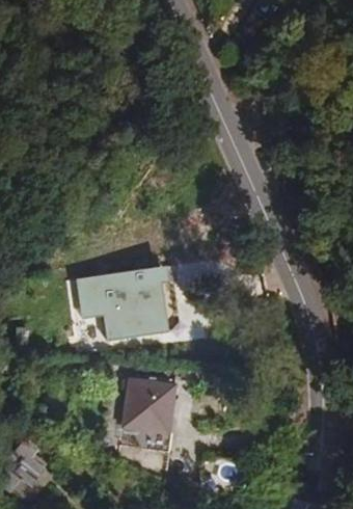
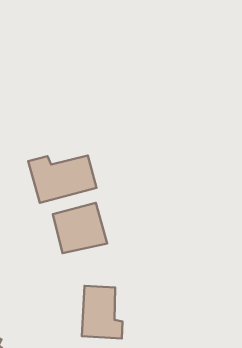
building: none -> [28,156,96,203]

